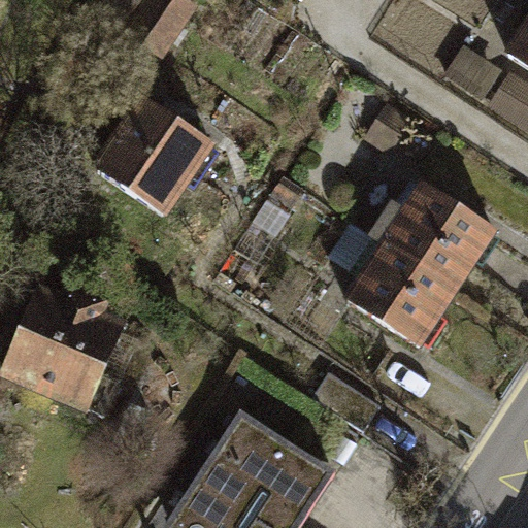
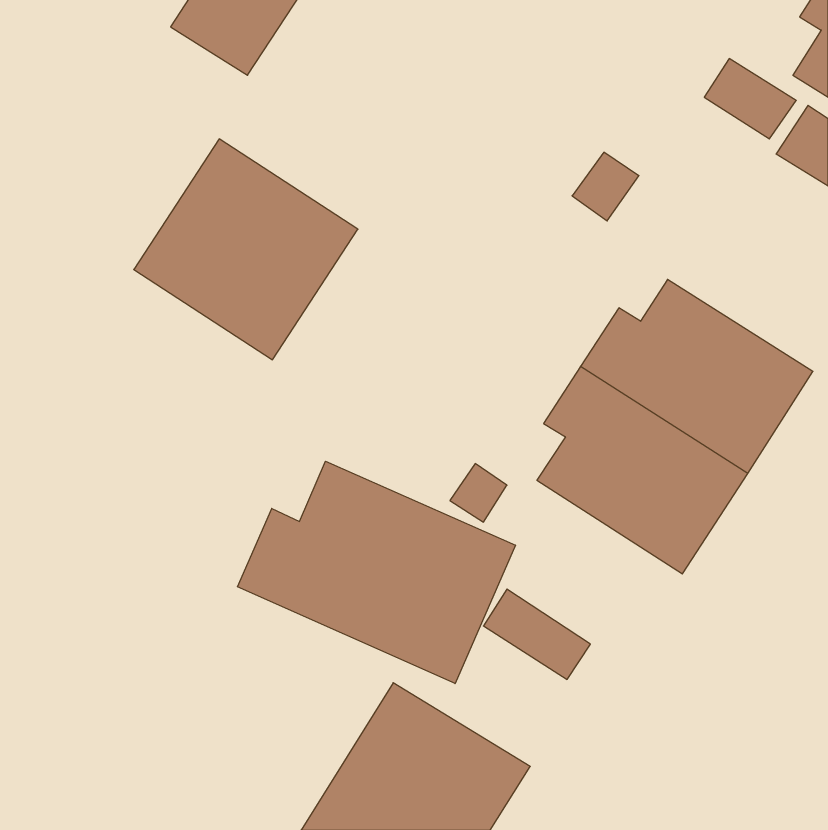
building: none -> [237,461,515,684]
building: [4,287,132,415] -> none

